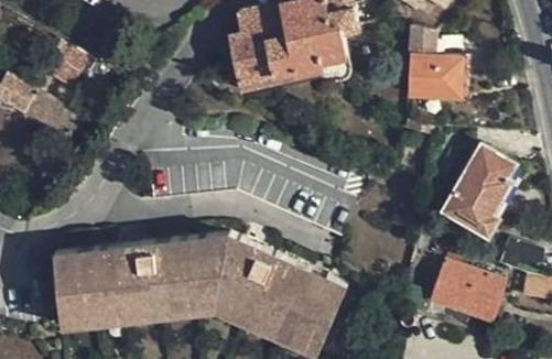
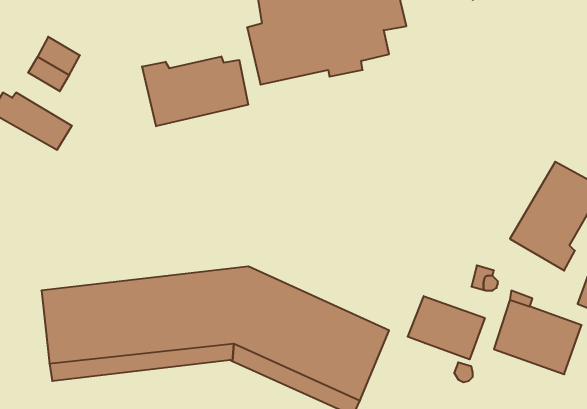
building: [408,28,463,100] -> none
building: none -> [142,56,248,126]
building: none -> [408,296,485,359]

